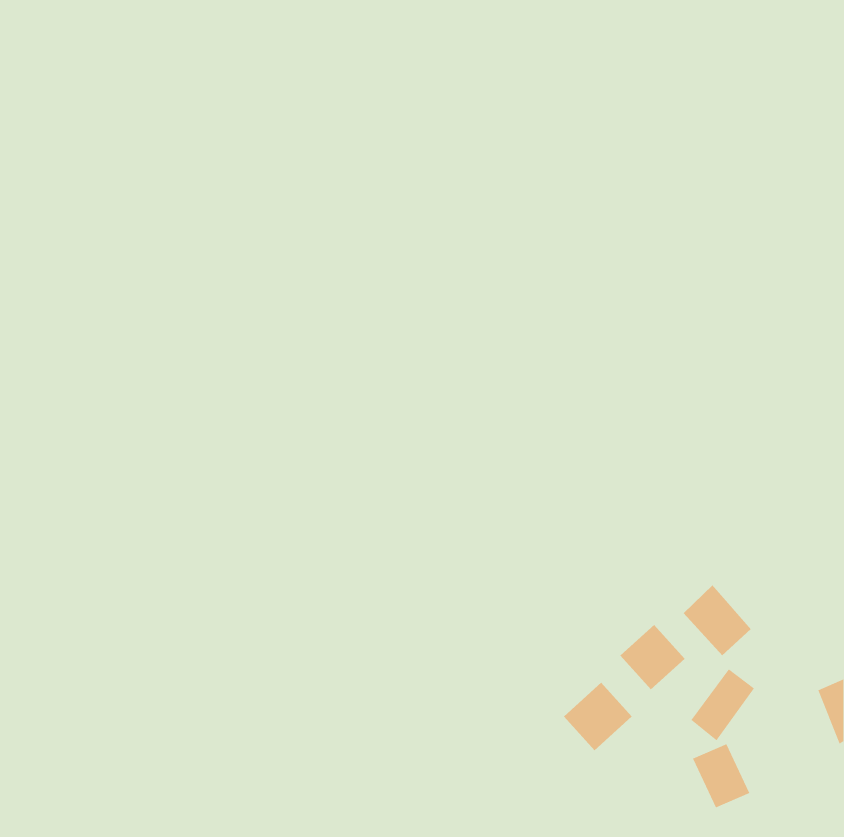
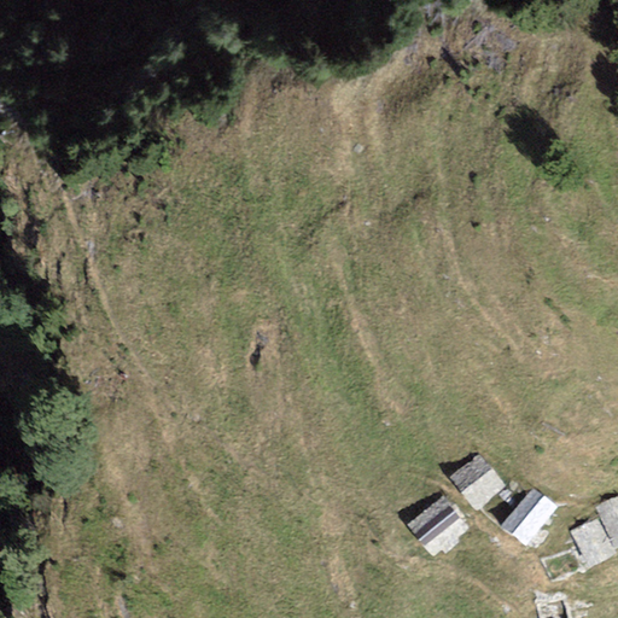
building: [683,584,752,656] -> none
building: [692,744,750,808] -> [570,518,612,565]

